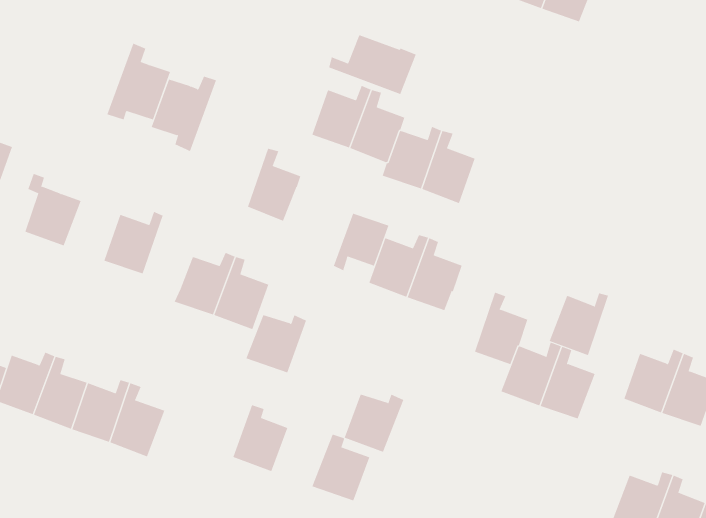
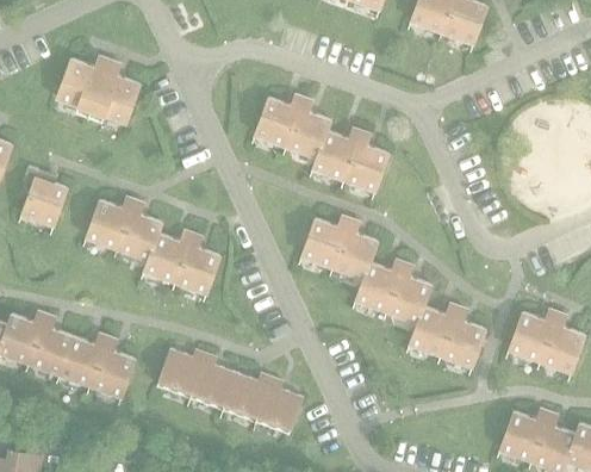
building: [328,35,417,95] -> none
building: [151,76,217,152] -> [56,57,110,119]
building: [247,148,301,222] -> [118,201,162,261]
building: [333,213,389,271] -> none
building: [549,293,609,356] -> [355,261,404,312]
building: [245,315,307,373] -> [156,350,206,398]
building: [344,394,404,452] -> [223,374,272,422]

